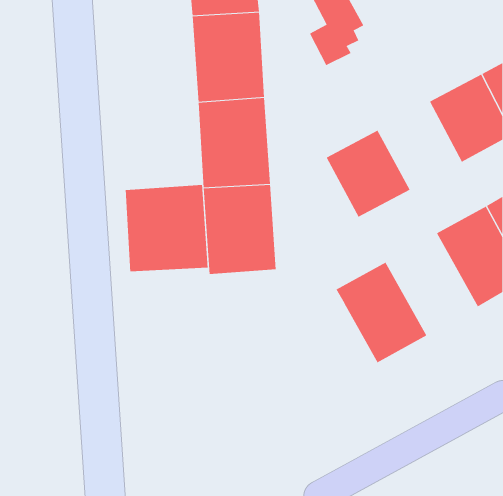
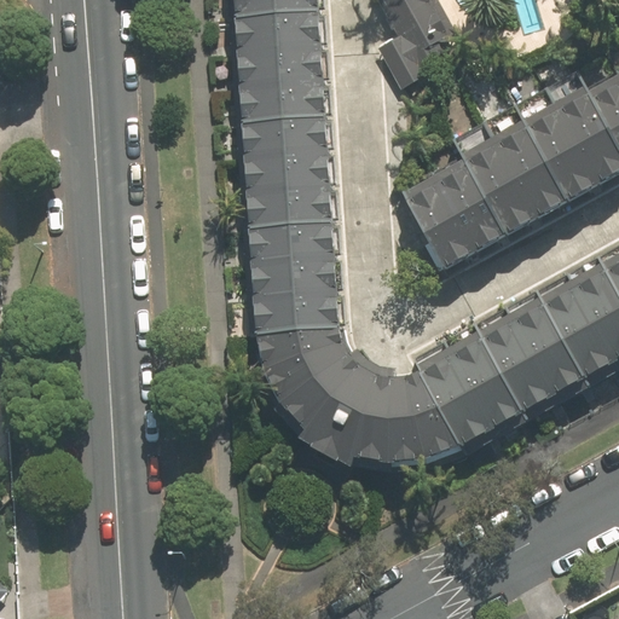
building: none -> [464,125,567,233]
building: [125,184,208,272] -> none
building: none -> [474,287,586,412]
building: none -> [256,331,463,464]

